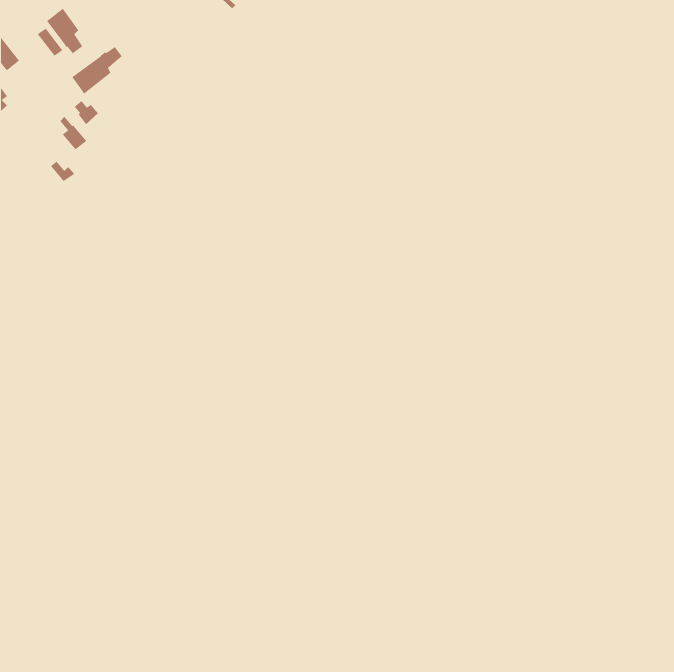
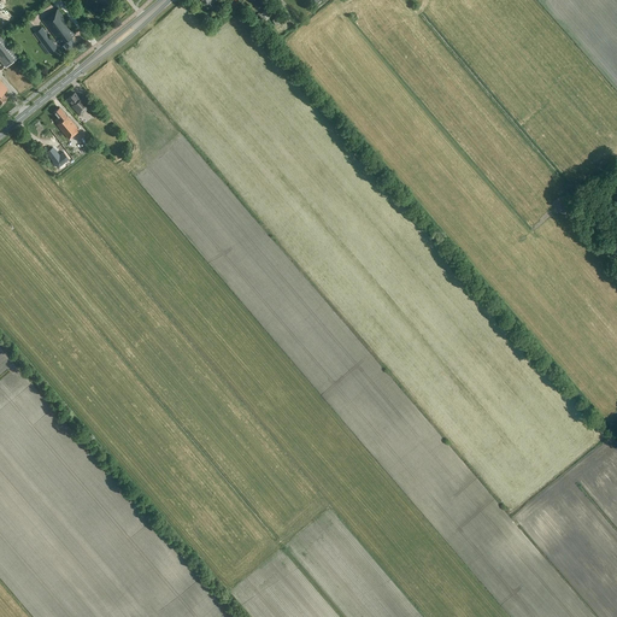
building: [71,46,123,94] -> none

